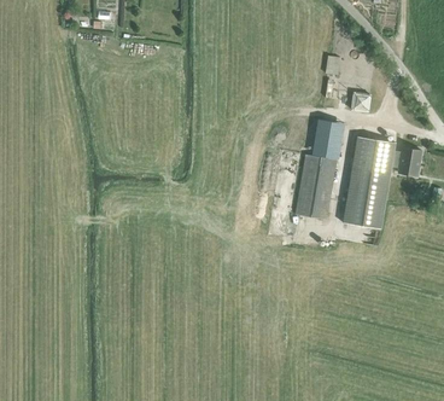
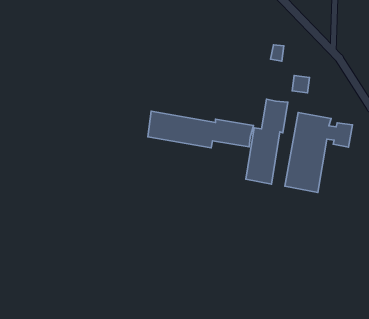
building: none -> [148,111,253,148]

